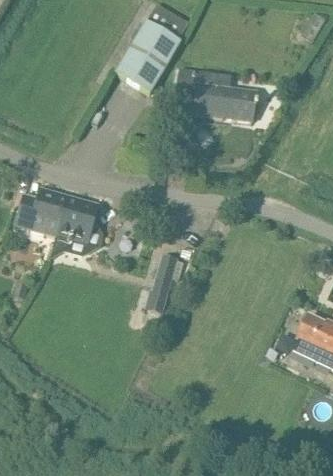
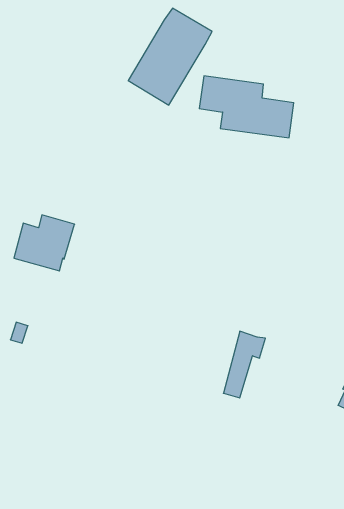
building: [51,195,98,249] -> none
building: [147,255,183,312] -> [223,331,265,398]

